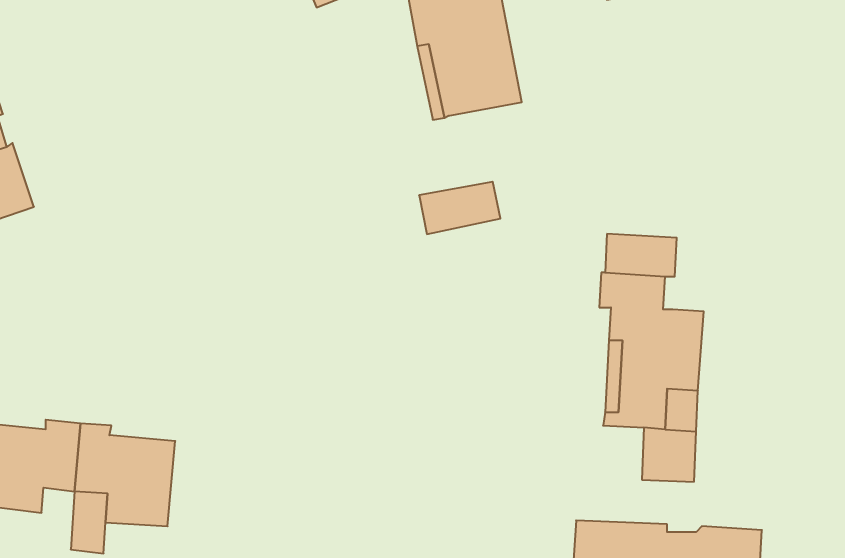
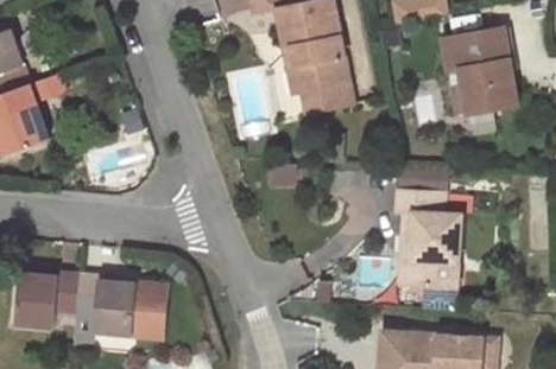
building: none -> [444,23,516,108]
building: [419,182,500,234] -> [303,79,353,112]
building: none -> [131,287,164,342]

